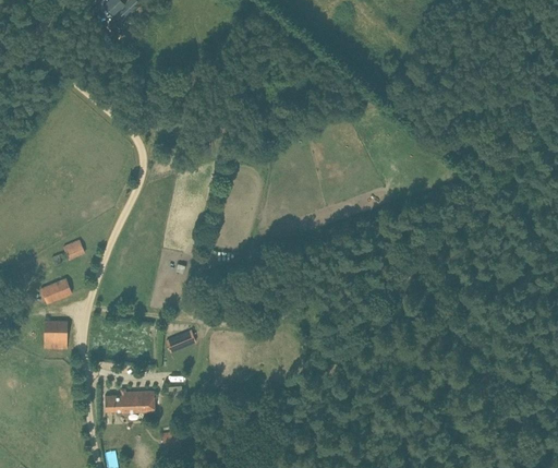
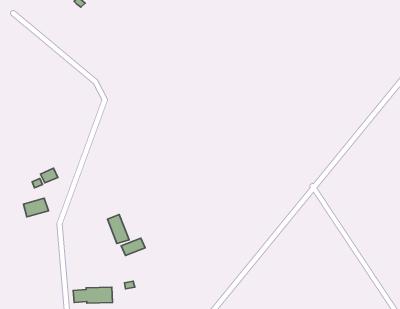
building: none -> [108,214,129,244]
building: [43,321,66,349] -> none

